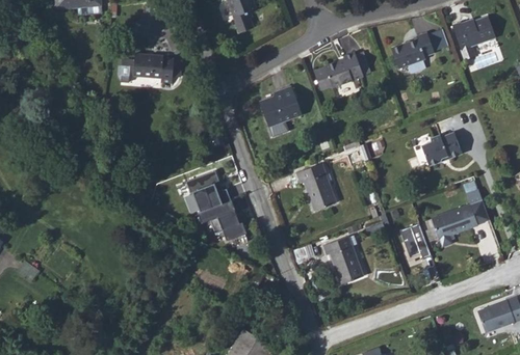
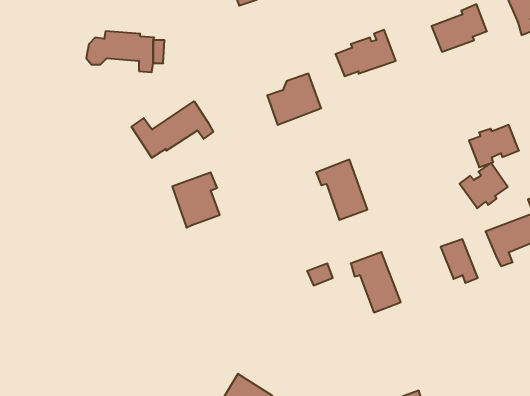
building: none -> [132,101,213,158]
building: none -> [460,163,508,208]
building: [199,200,246,240] -> none

